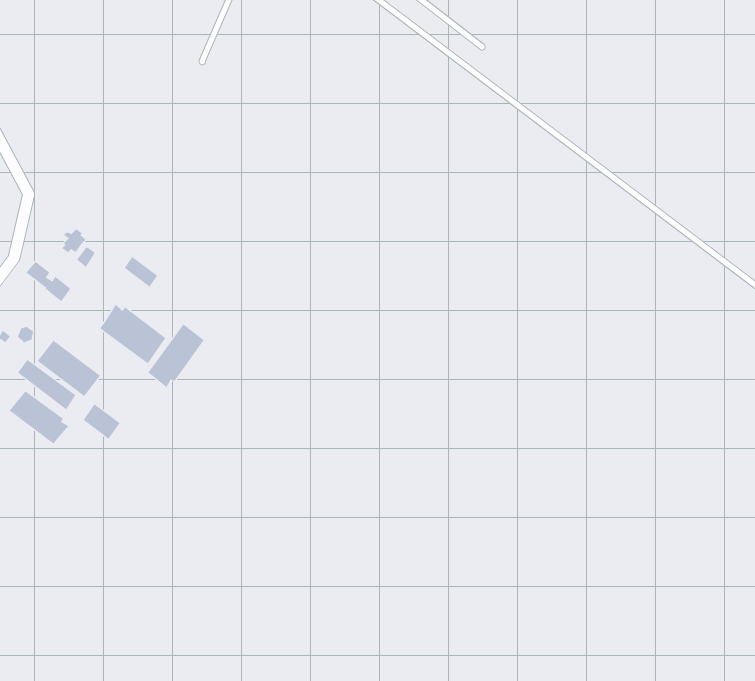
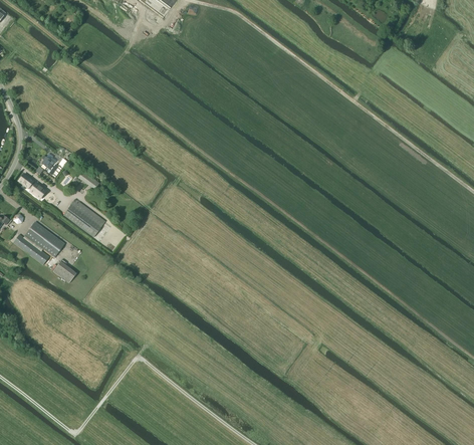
building: [147,323,204,388] -> none
building: [9,390,69,445] -> none

